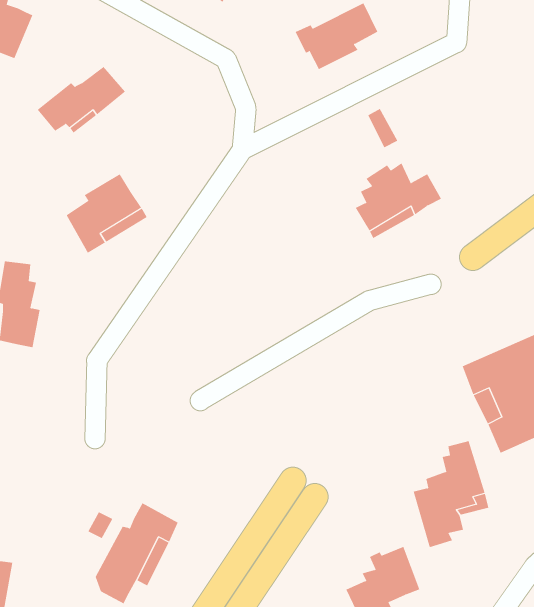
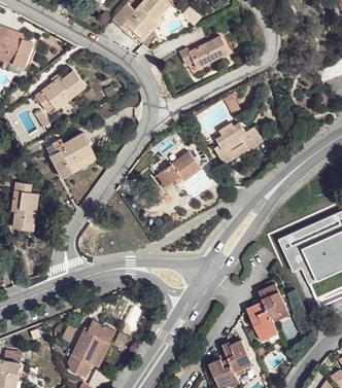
building: none -> [158,155,201,188]

